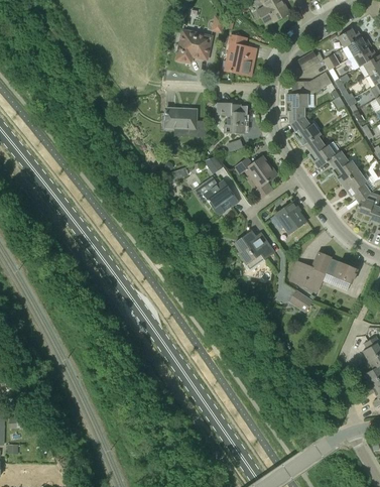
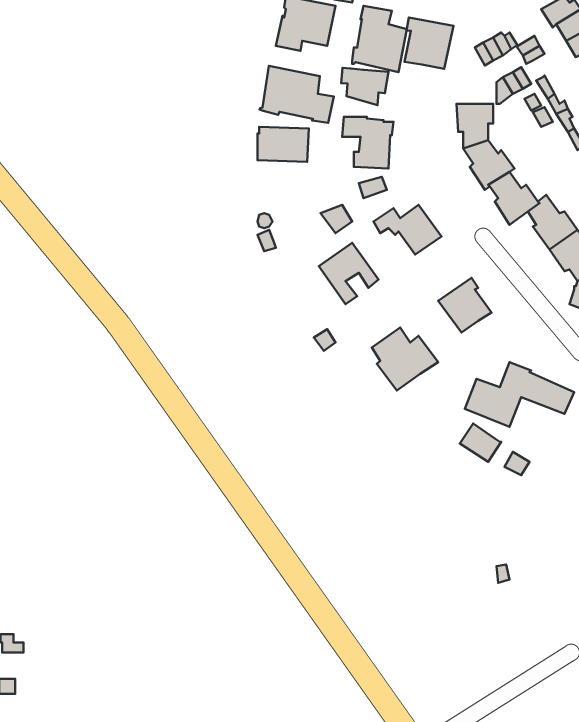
building: none -> [404,17,453,69]
building: none -> [259,66,334,123]
building: none -> [341,68,389,105]

